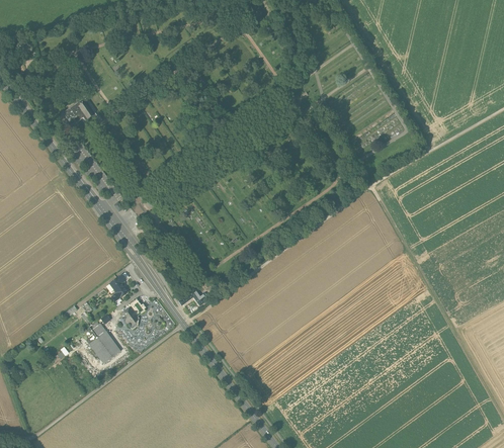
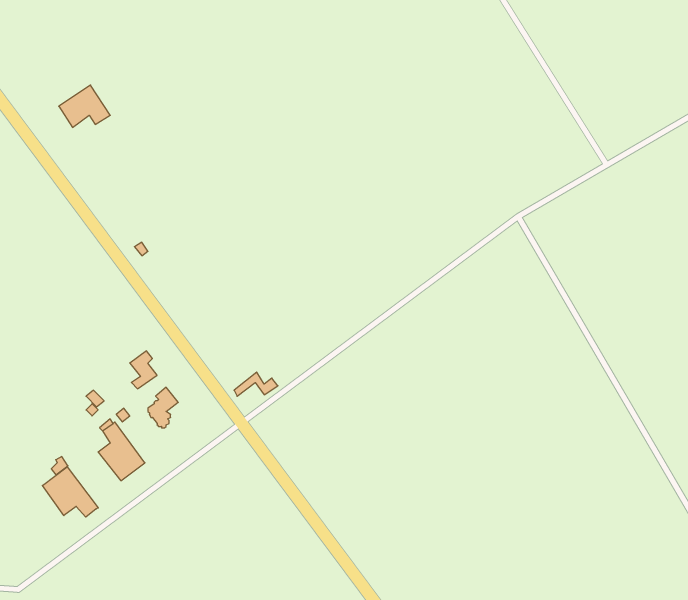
building: none -> [42,467,98,517]

